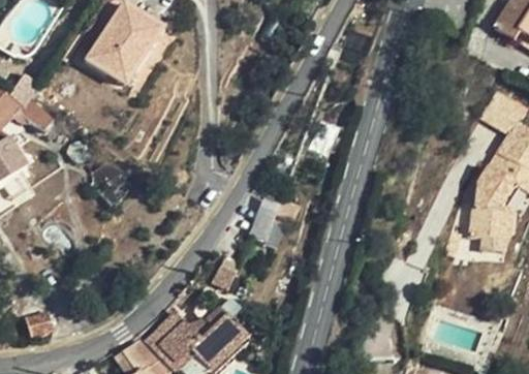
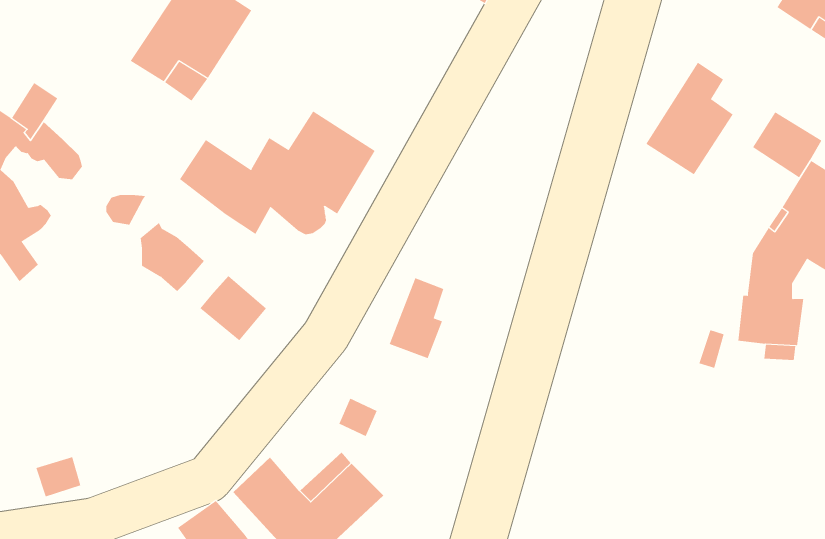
building: none -> [645,62,734,175]
building: none -> [179,111,375,235]
building: none -> [199,275,267,341]

